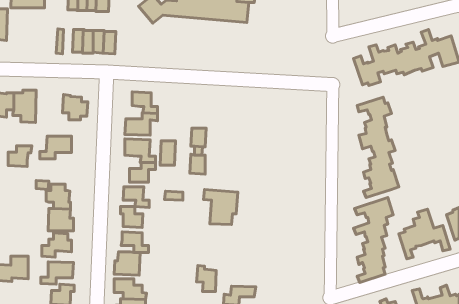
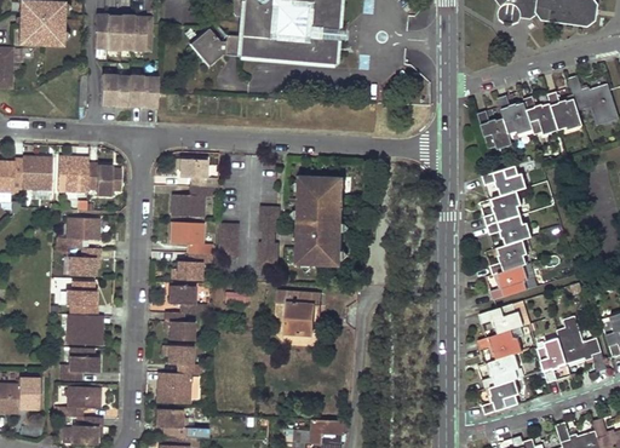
building: none -> [56,157,87,193]
building: none -> [294,176,341,266]
building: [8,146,32,167] -> [69,248,101,276]
building: [196,266,216,292] -> none

